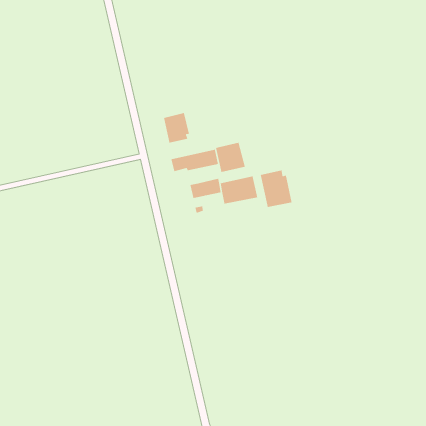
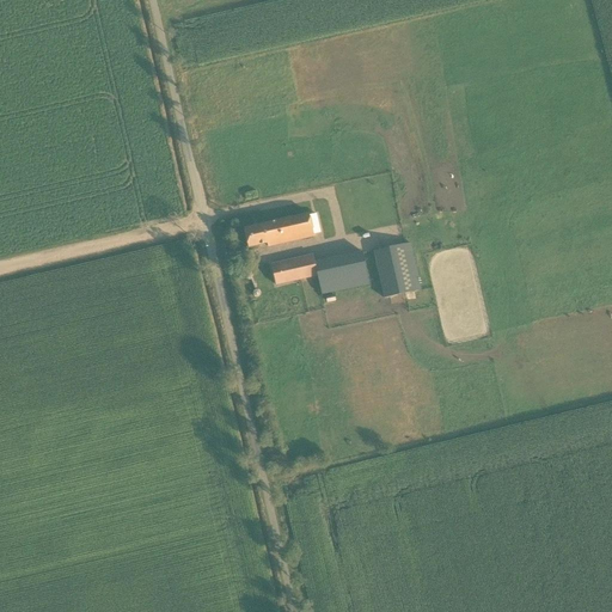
building: [163,112,190,143] -> none
building: [215,142,246,173] -> none

